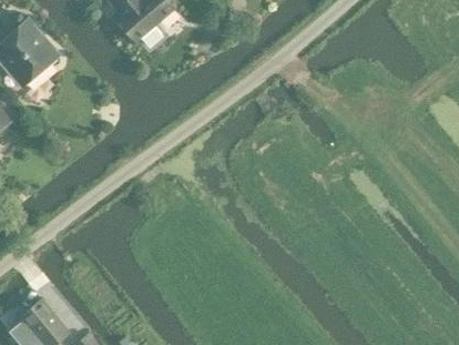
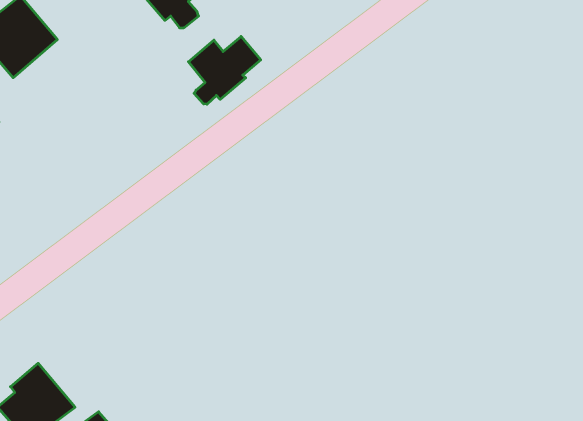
building: none -> [188,36,261,104]

